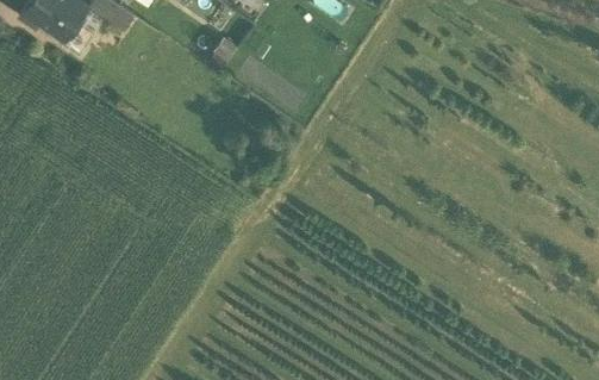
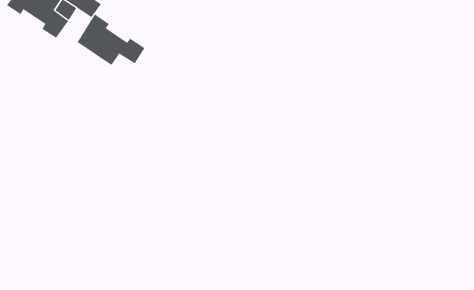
building: none -> [77,14,145,66]

